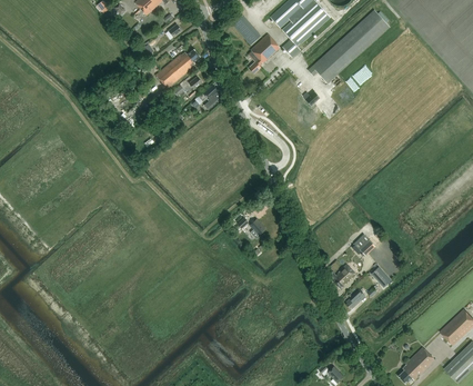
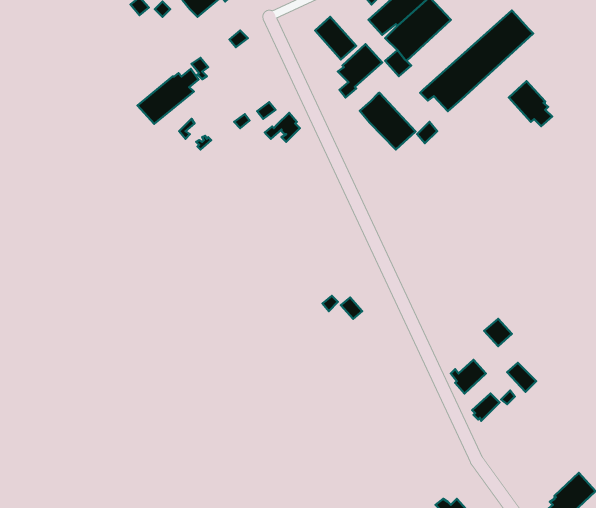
building: [155,49,200,89] -> [137,69,198,124]
building: none -> [509,81,552,126]
building: none -> [360,93,415,150]

